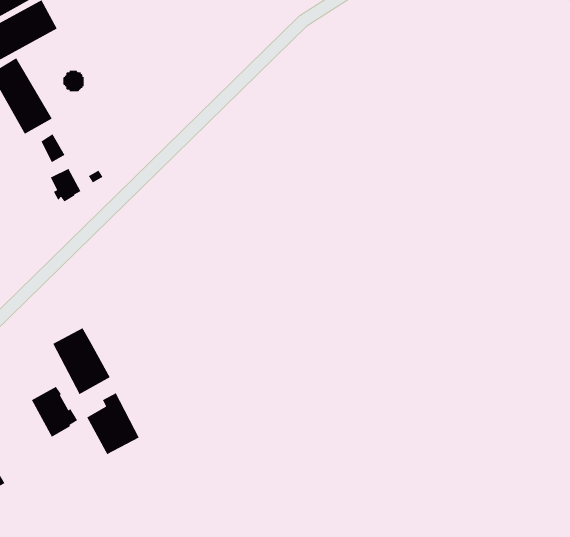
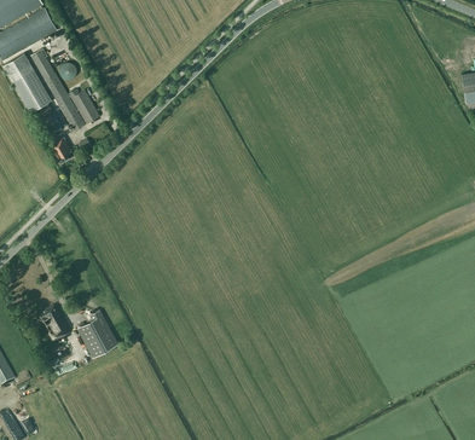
building: none -> [30,50,99,132]
building: [52,327,111,395] -> none

